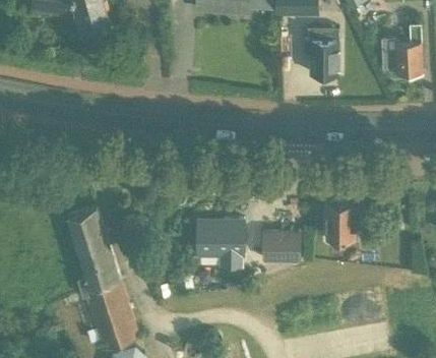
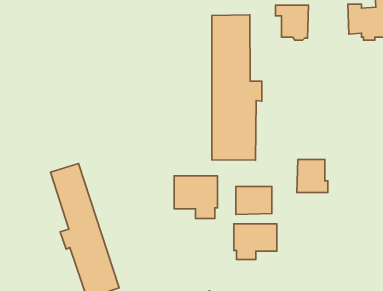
building: none -> [212,15,262,160]
building: none -> [234,224,277,259]

